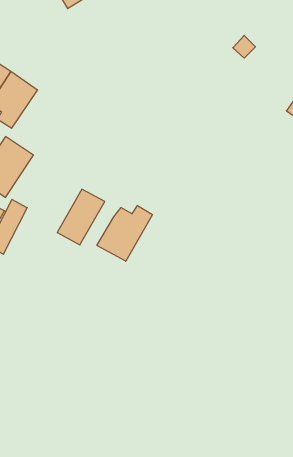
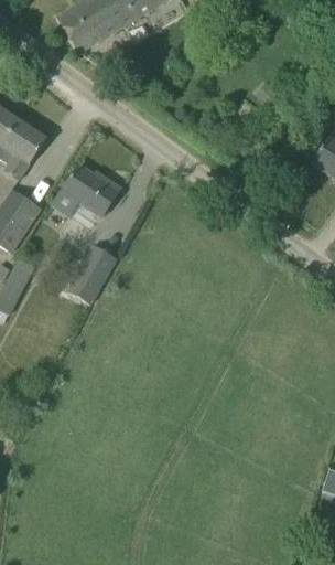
building: none -> [51,166,119,217]
building: [97,206,152,261] -> none

